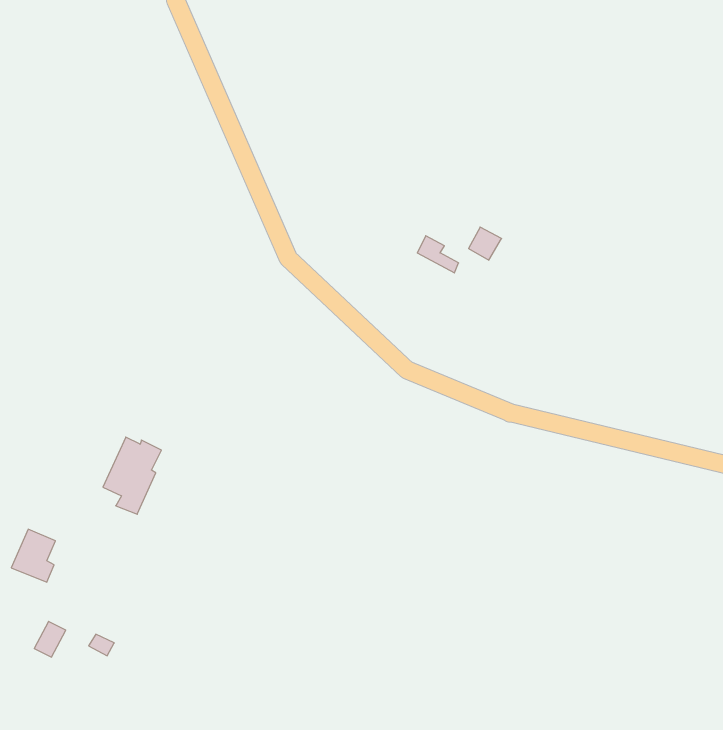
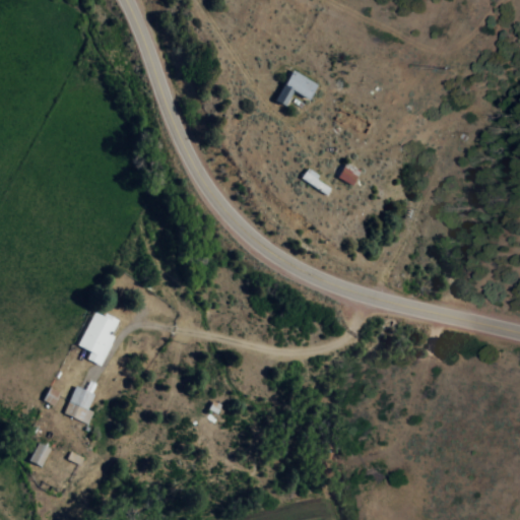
building: none -> [277,71,318,106]
building: [11,529,55,582] -> [64,386,95,424]

